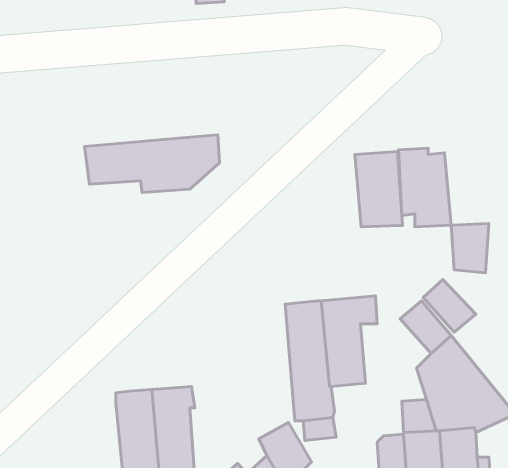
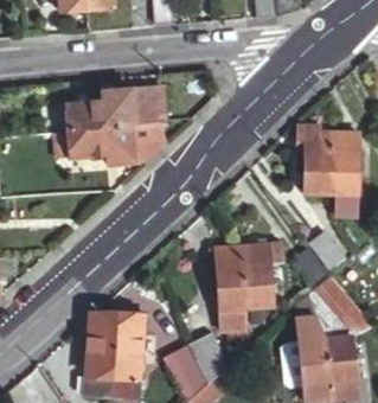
building: none -> [68,88,168,130]
building: [355,151,402,227] -> [328,133,363,187]

